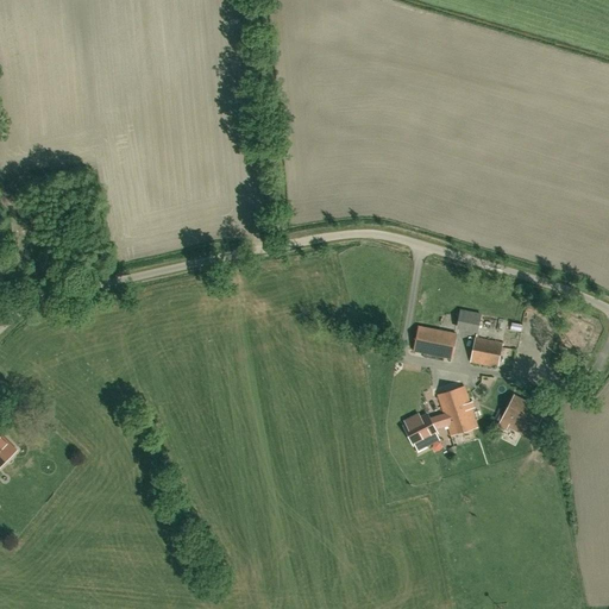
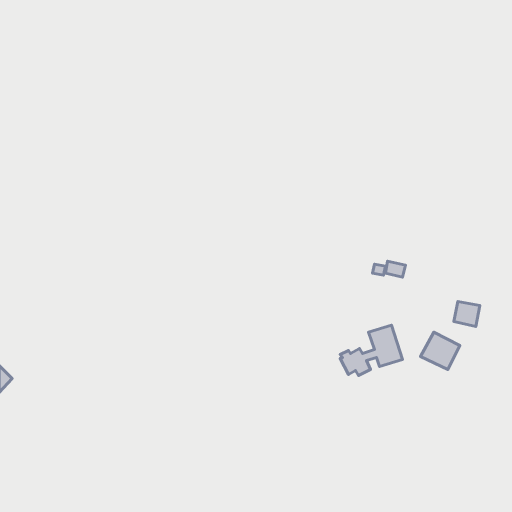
building: [413,326,456,357] -> none
building: [470,337,501,366] -> [454,301,480,326]

